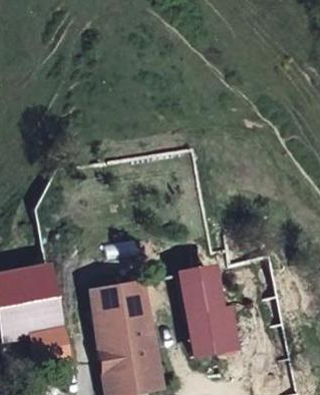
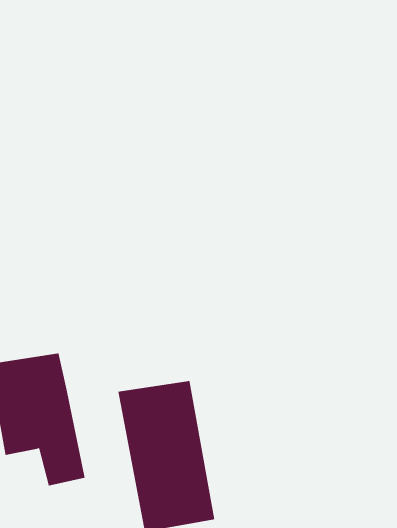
building: [185,270,232,355] -> none

